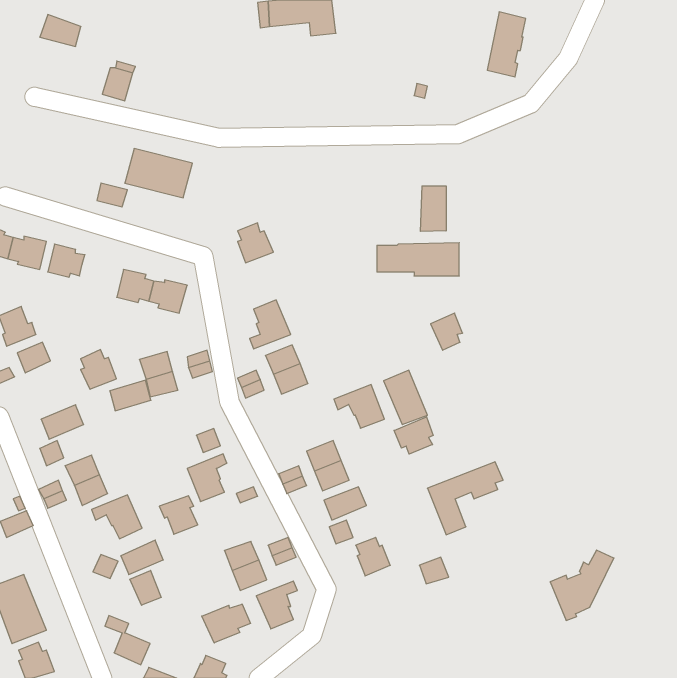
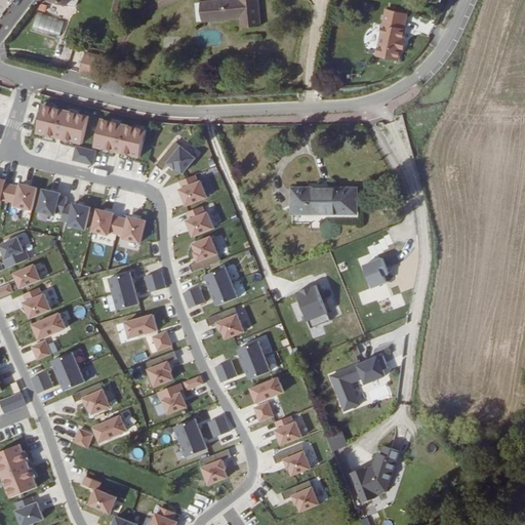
building: none -> [39,100,91,138]
building: none -> [158,137,199,170]
building: [421,186,446,231] -> none
building: none -> [60,202,89,229]
building: none -> [191,204,217,234]
building: [431,313,463,350] -> [363,258,388,287]
building: [81,350,116,389] -> [22,287,49,318]
building: [110,380,151,411] -> [124,314,156,337]
building: [334,385,384,428] -> [205,307,244,340]
building: [394,417,433,454] -> none
building: [159,496,198,534] -> [156,383,186,413]
building: [550,550,614,620] -> [351,448,400,502]
building: [130,570,161,605] -> none
building: none -> [272,442,311,475]
building: [202,604,250,643] -> none
building: none -> [280,478,319,512]

